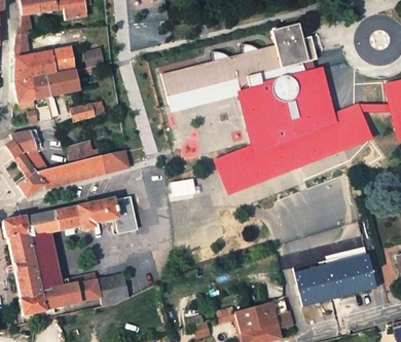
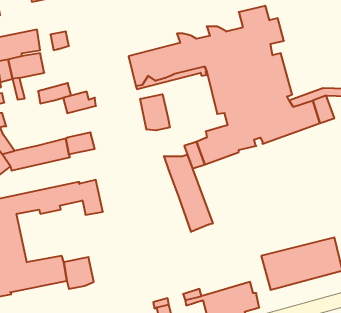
building: none -> [140,94,170,130]
building: [67,142,100,163] -> [63,92,96,113]
building: none -> [164,155,213,232]

